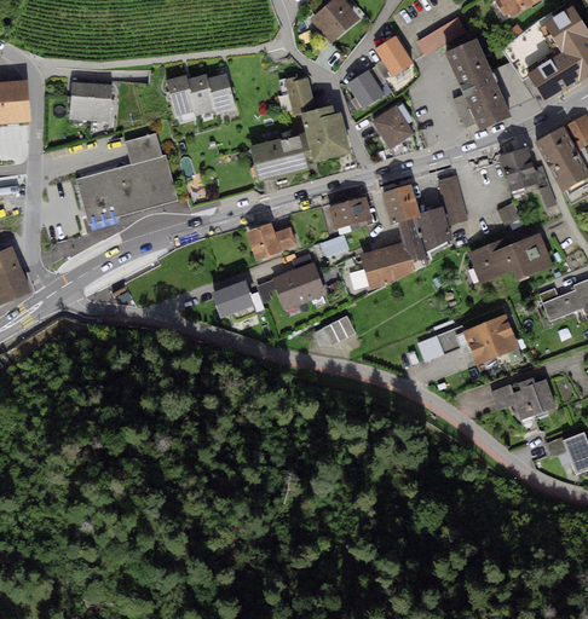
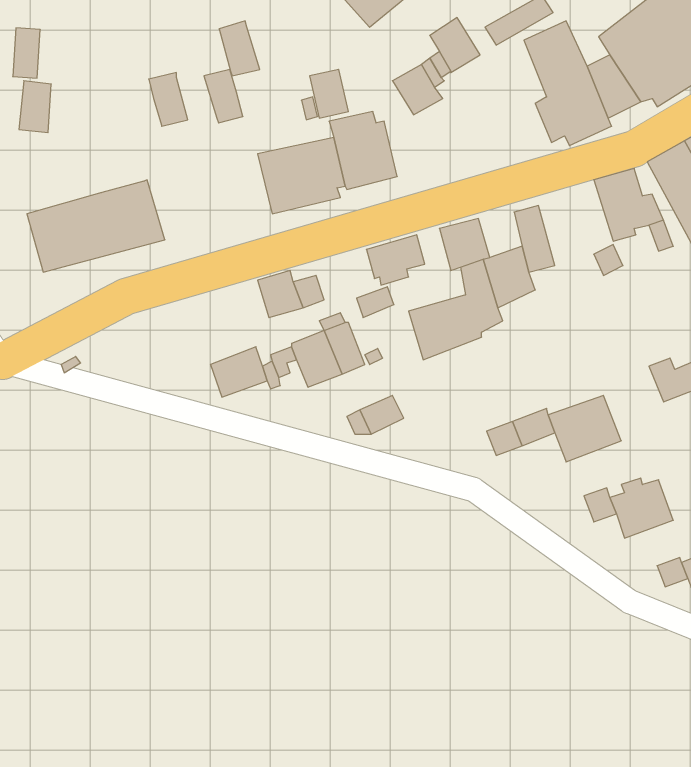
building: [186,73,217,114] -> [219,21,260,76]
building: [91,83,111,121] -> [13,28,40,78]
building: [371,105,413,147] -> none
building: [125,133,162,164] -> none
building: [469,231,554,282] -> none

